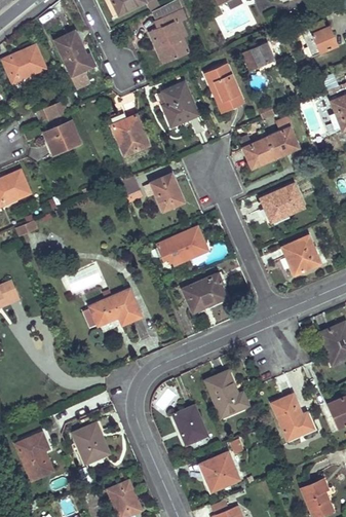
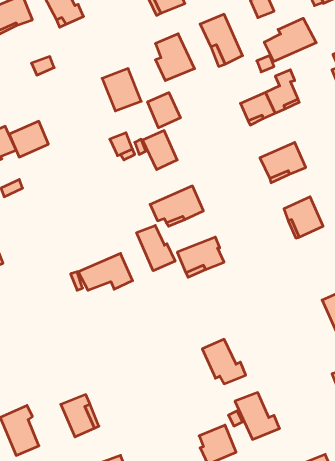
building: none -> [264,18,316,61]
building: [44,121,81,155] -> [9,121,48,157]
building: none -> [148,93,180,128]
building: none -> [137,225,175,271]
building: [272,395,314,439] -> [235,393,280,439]
building: [174,406,207,444] -> none

